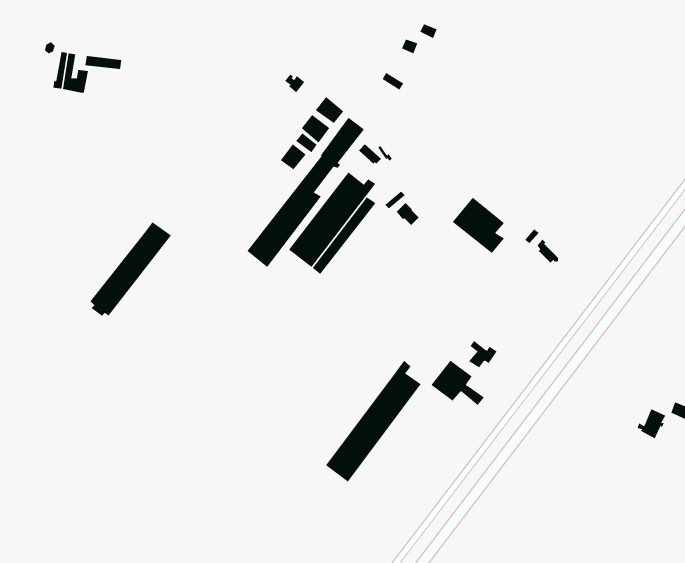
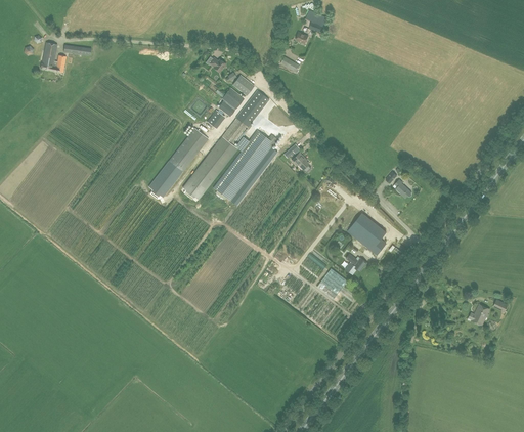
building: [452,197,505,254] -> [347,212,386,254]
building: [89,221,172,316] -> [148,127,209,197]
building: [325,360,422,482] -> none

